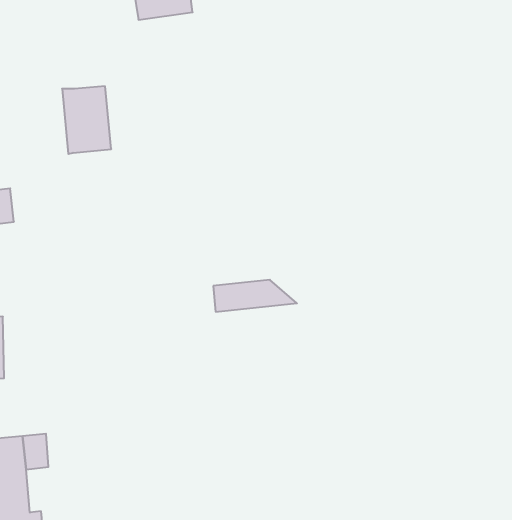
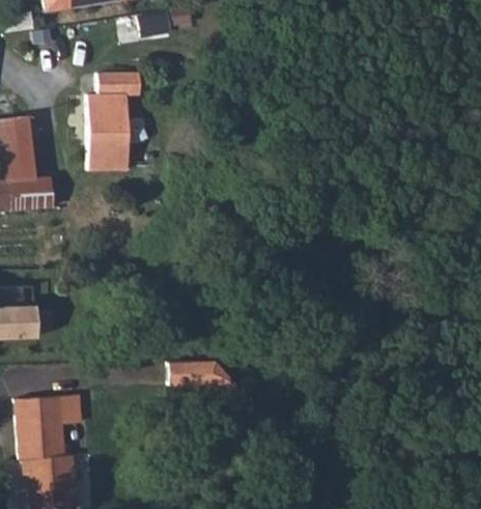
building: none -> [96,69,140,94]
building: none -> [97,145,140,172]
building: [213,280,297,312] -> [167,358,237,385]

